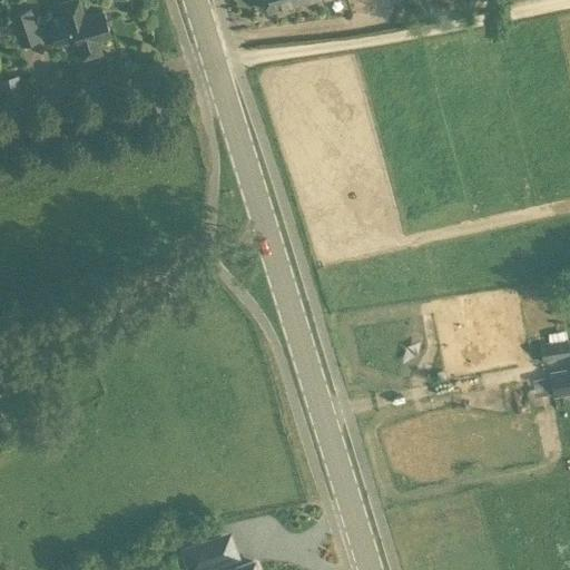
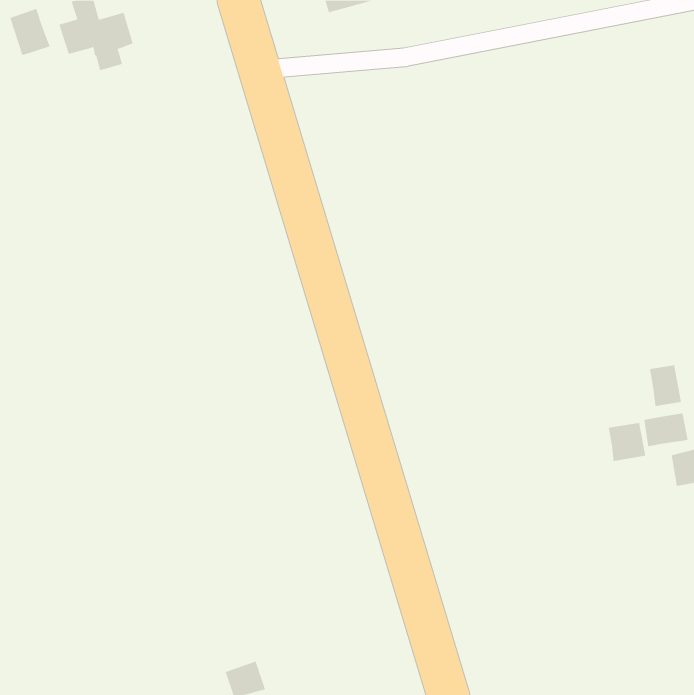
building: none -> [649,365,681,407]
building: none -> [608,422,646,462]

